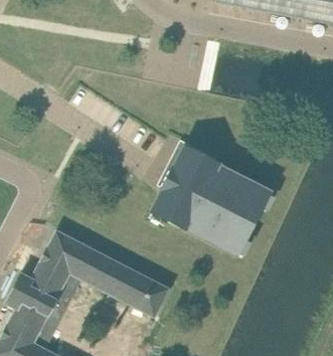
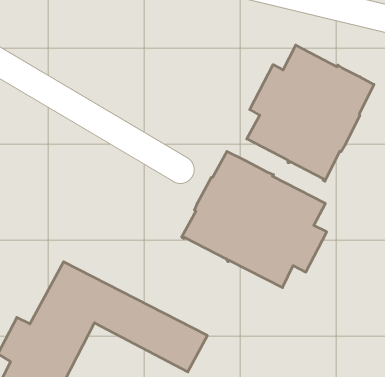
building: none -> [247,45,374,181]

